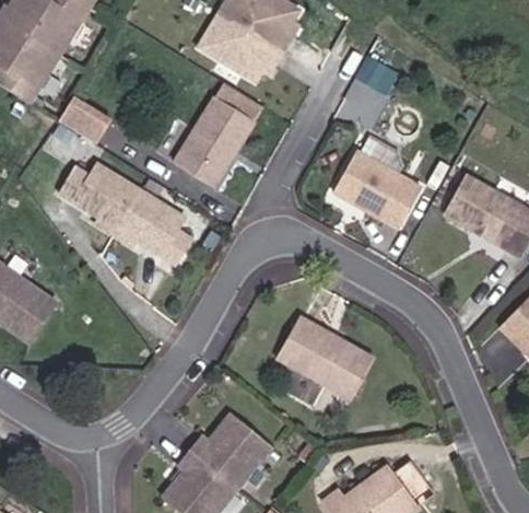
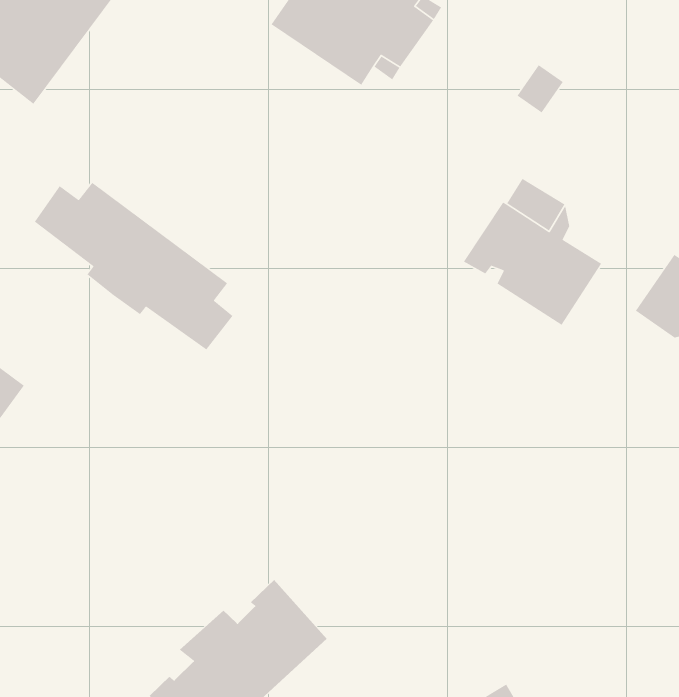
building: [164,82,262,200] -> none
building: [54,96,109,141] -> none
building: [278,317,371,394] -> none

